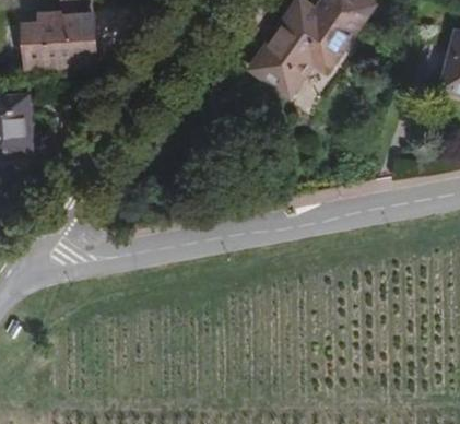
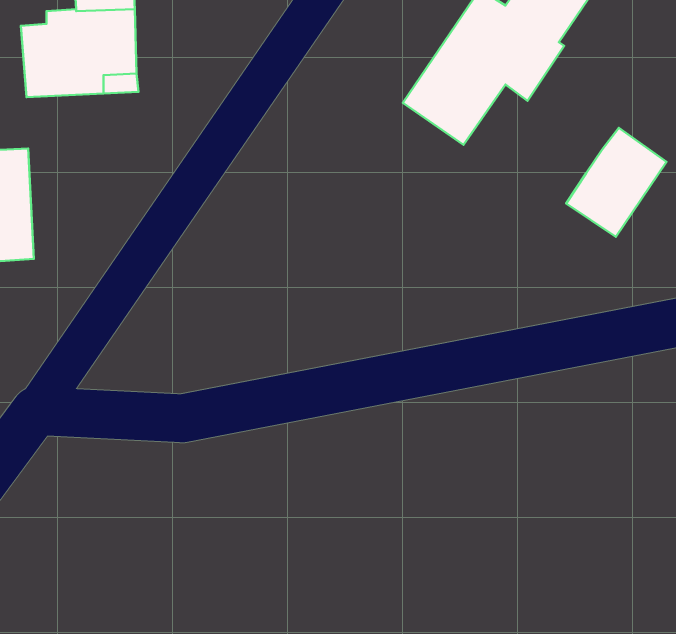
building: none -> [566,128,667,237]

